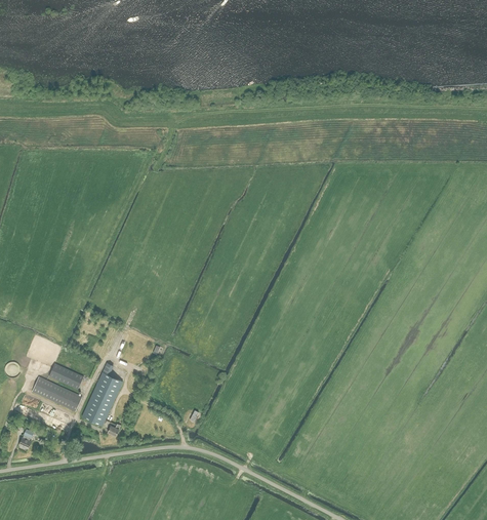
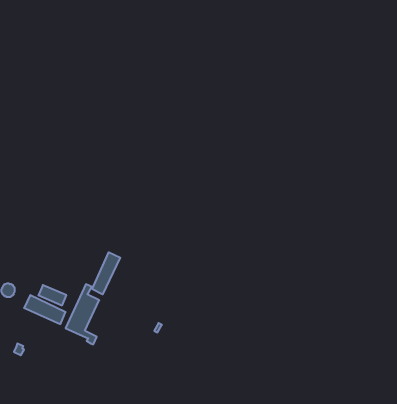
building: none -> [92,252,120,294]

